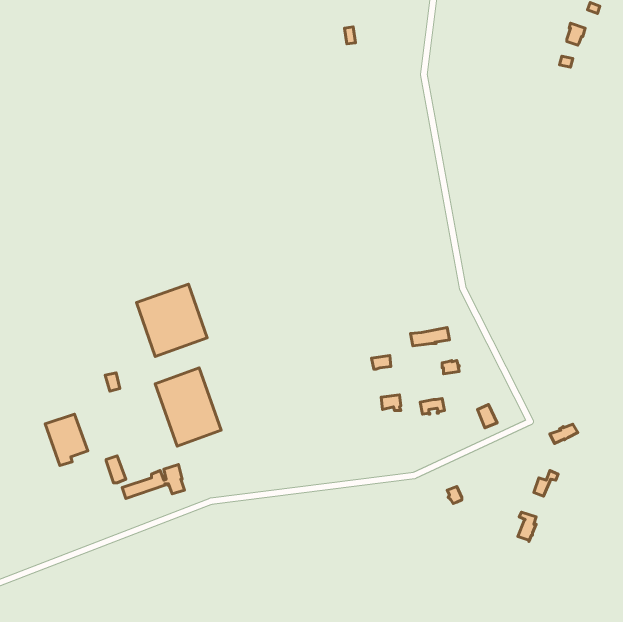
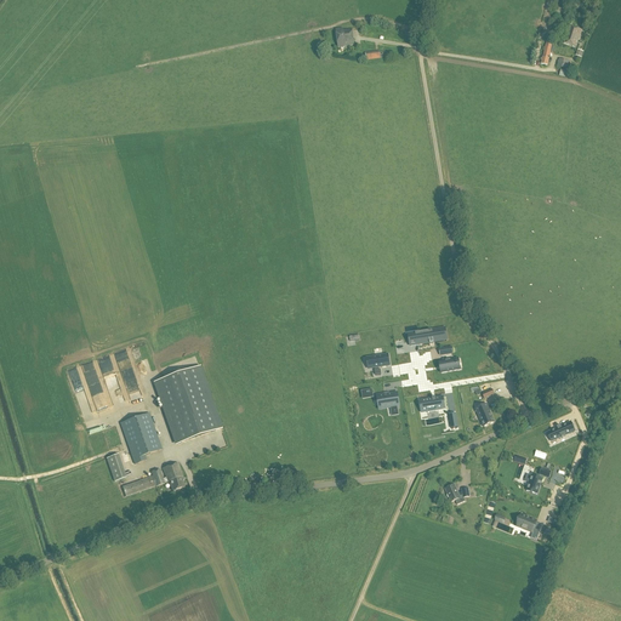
building: [137,284,207,356] -> none
building: [45,414,88,465] -> [119,411,161,462]

